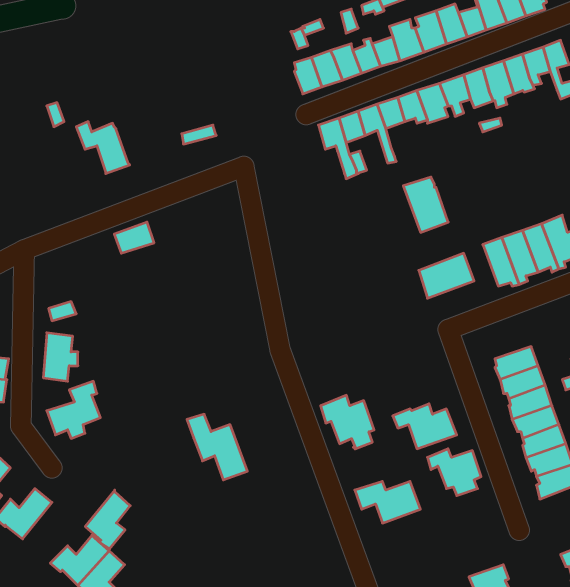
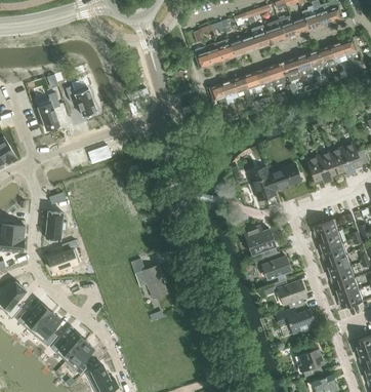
building: none -> [37,92,60,129]
building: [403,177,448,232] -> [249,167,276,200]
building: [321,395,374,449] -> [244,225,276,257]
building: [355,481,420,523] -> [277,309,316,334]
building: [85,490,130,549] -> [34,311,60,346]

